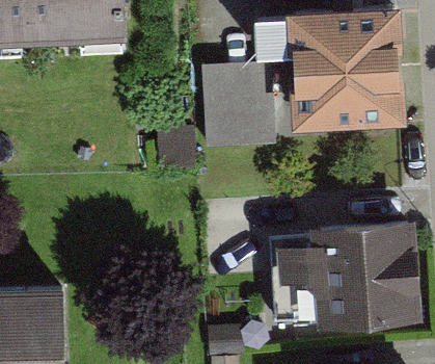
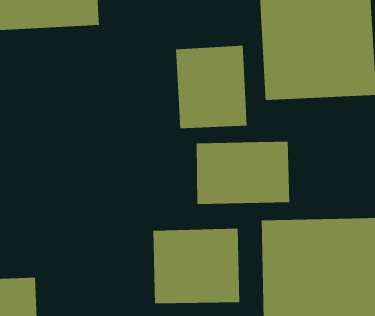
building: none -> [196,141,290,205]
building: none -> [153,228,240,304]

